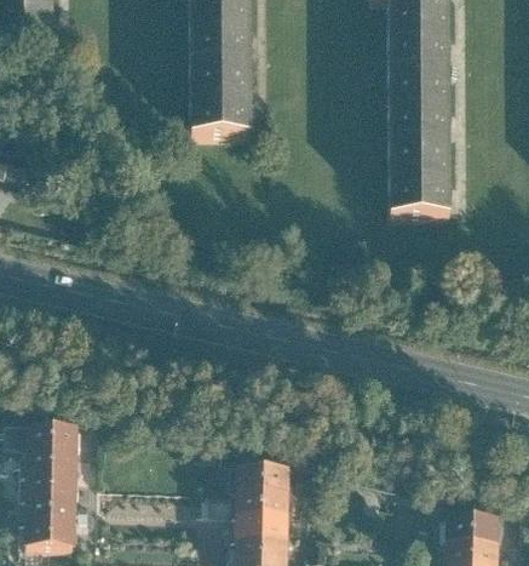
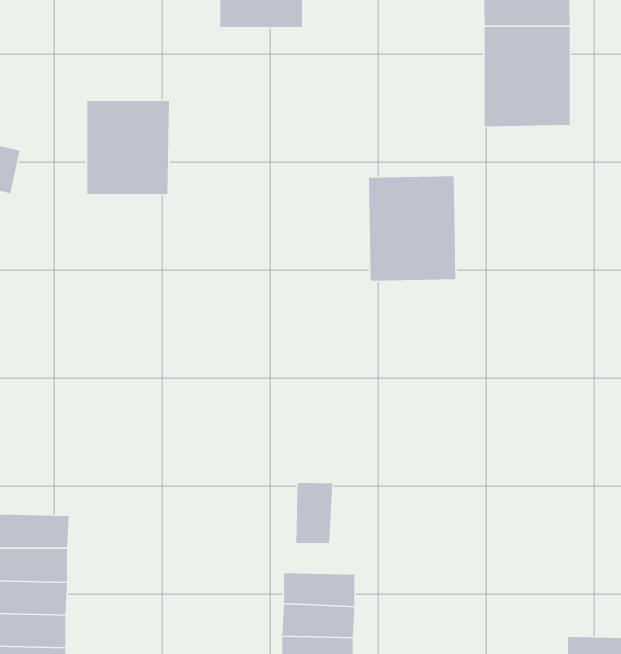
building: [189,67,251,137] -> [87,100,170,195]
building: [385,139,450,218] -> [368,175,456,282]
building: none -> [295,482,333,544]

